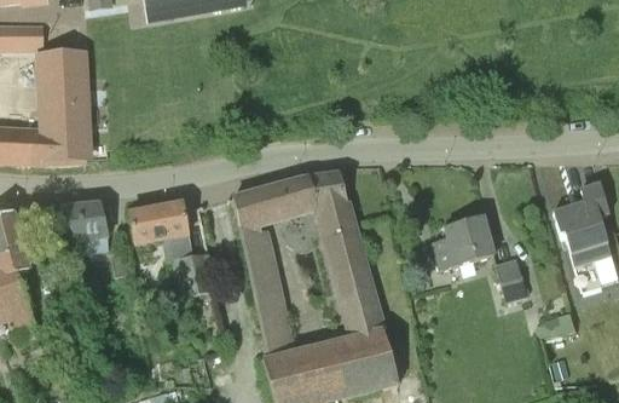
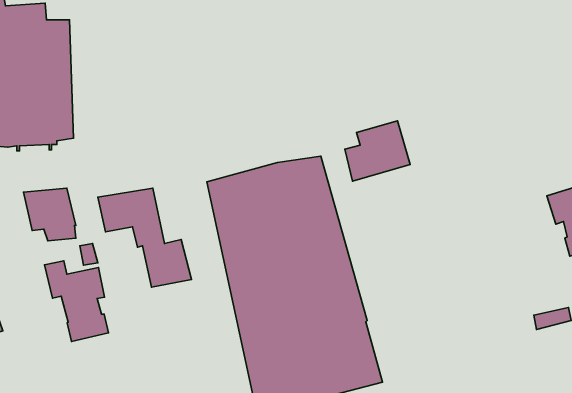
building: [433,214,494,271] -> [345,121,410,181]
building: [497,258,527,301] -> none
building: none -> [45,261,109,342]

